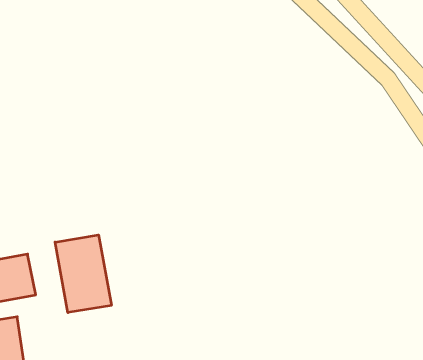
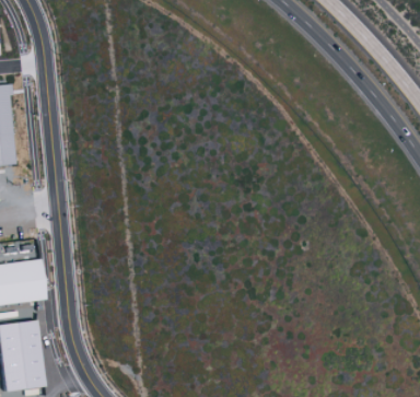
building: [55,235,111,313] -> none

